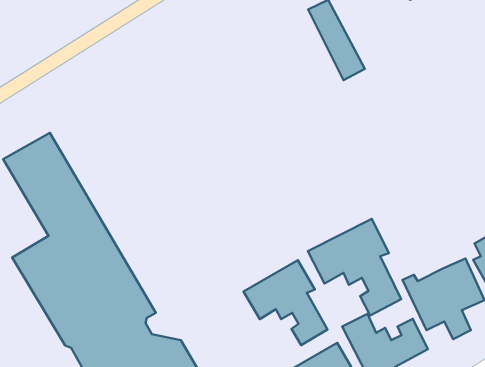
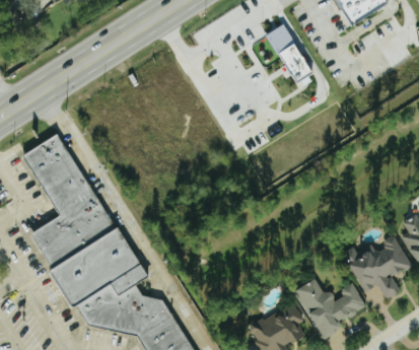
building: [308,219,401,315] -> none
building: [243,260,328,345] -> none

